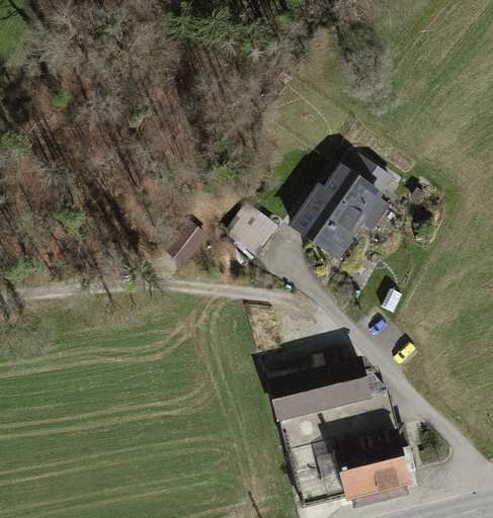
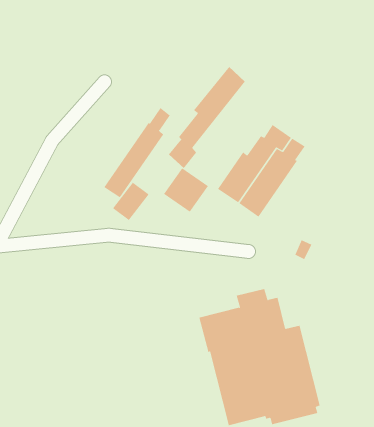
building: none -> [168,66,246,169]
building: none -> [103,107,171,198]

